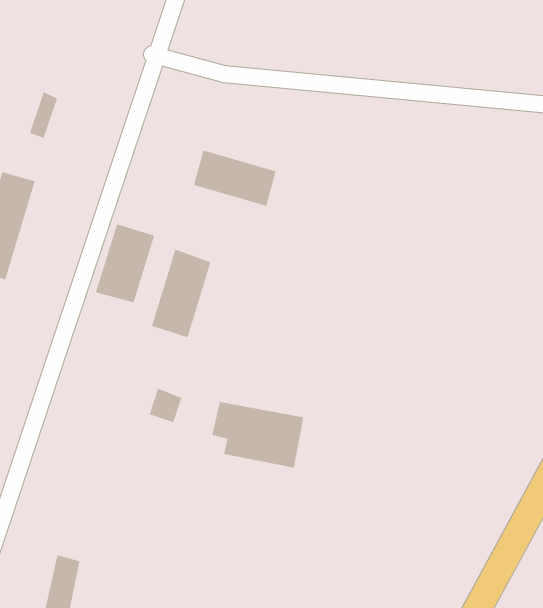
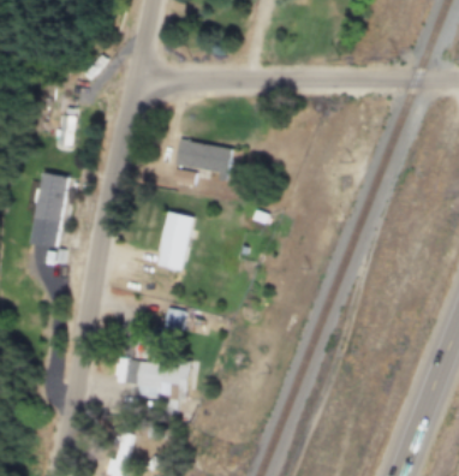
building: [95,223,155,303] -> none
building: [212,401,304,468] -> [129,361,191,400]

